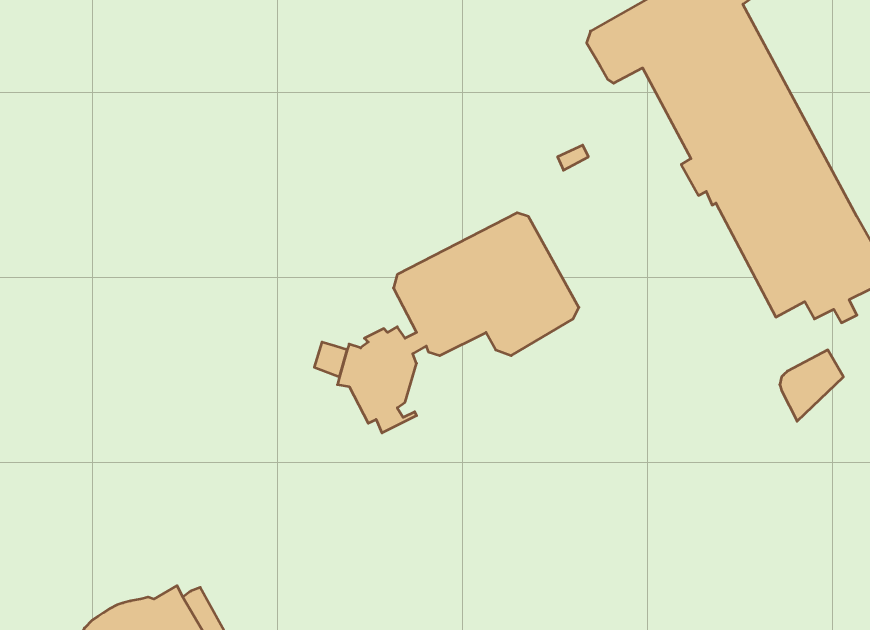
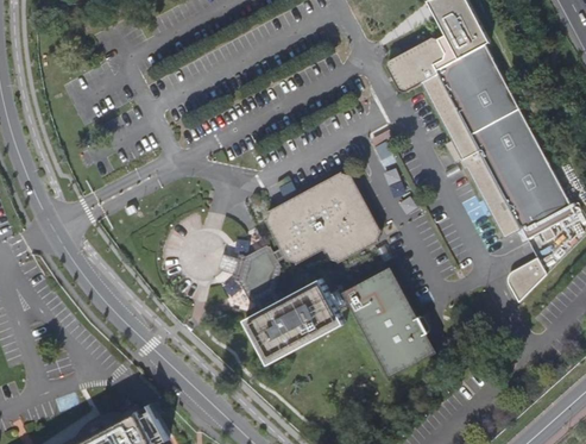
building: none -> [342,265,436,376]
building: none -> [245,279,344,363]

